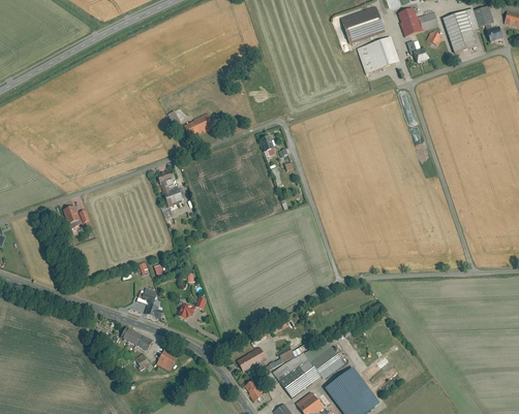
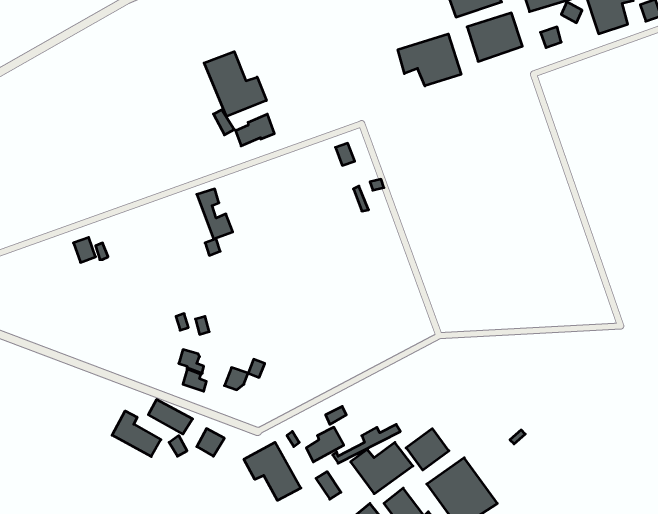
building: none -> [398,34,461,86]
building: none -> [204,52,266,117]
building: none -> [112,411,161,457]
building: none -> [244,442,301,500]

